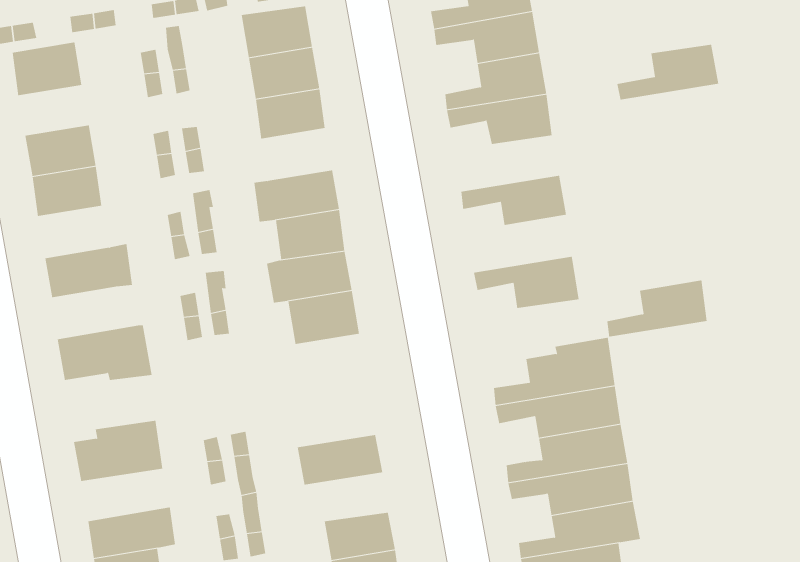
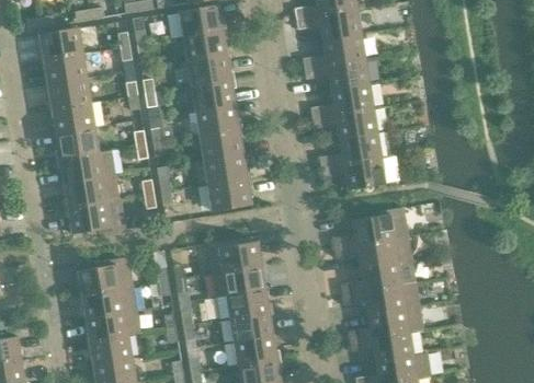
building: [616,44,719,100] -> [311,84,374,118]
building: none -> [44,54,88,84]
building: none -> [192,80,236,112]
building: none -> [56,127,100,159]
building: [607,280,708,337] -> [320,132,382,167]
building: none -> [65,175,118,208]
building: none -> [211,242,262,274]
building: none -> [82,287,137,318]
building: none -> [218,289,270,321]

